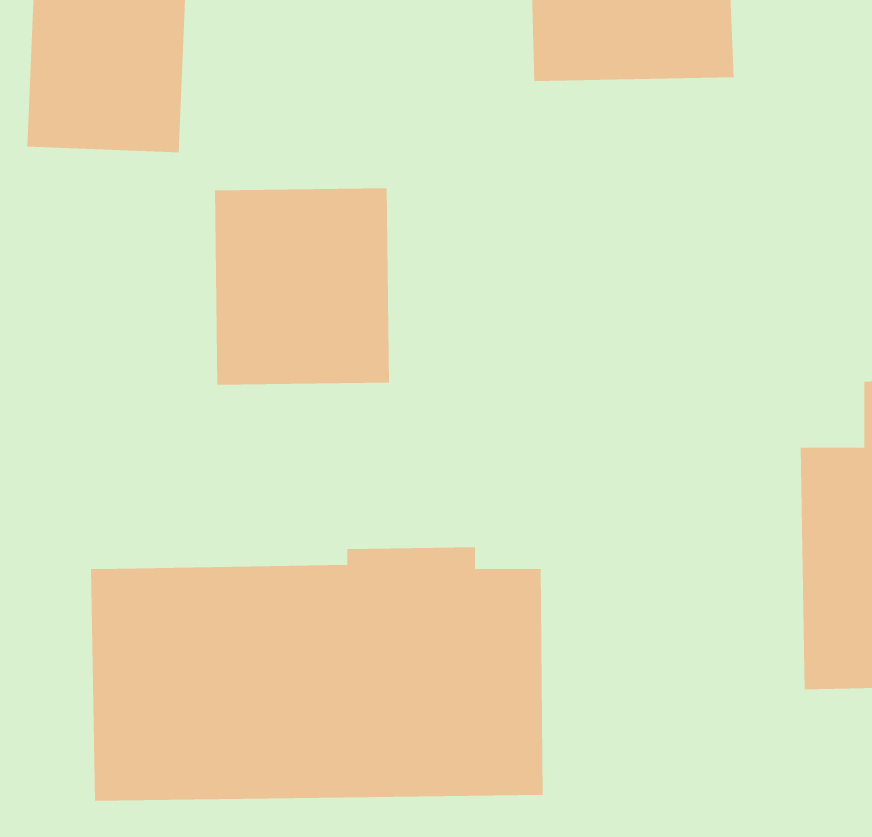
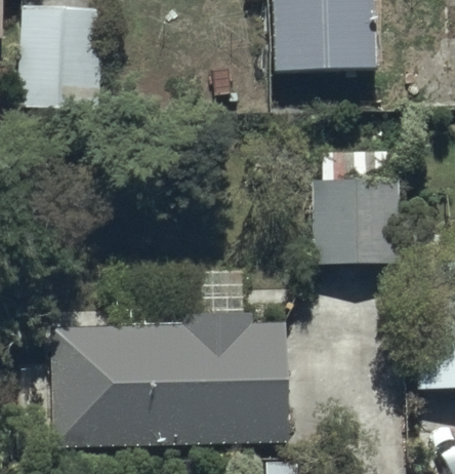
building: [214,188,390,385] -> none
building: none -> [312,152,400,264]

